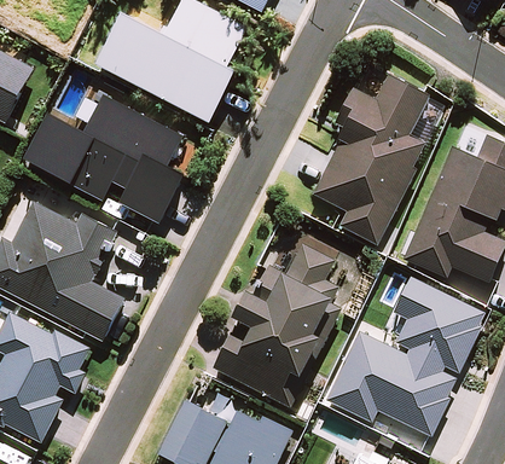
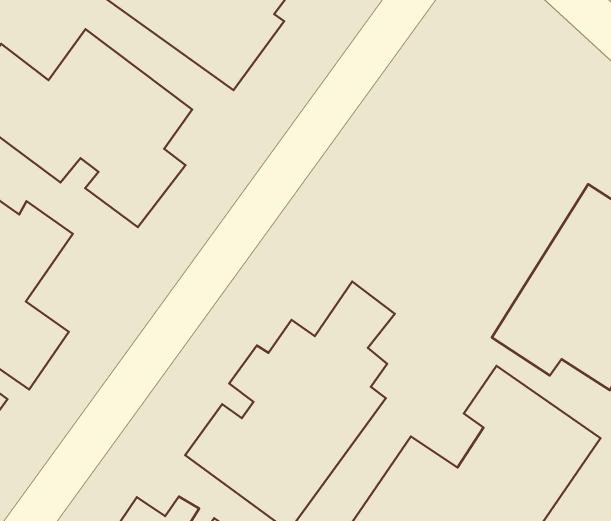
building: [313,76,425,244] -> none

